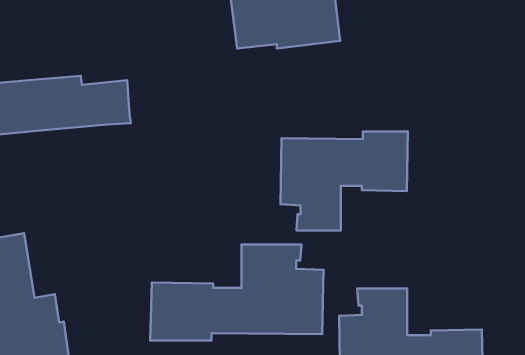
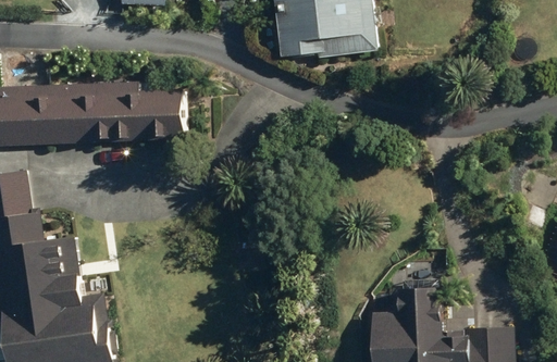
building: [281,132,408,230] -> none
building: [150,245,323,341] -> none

